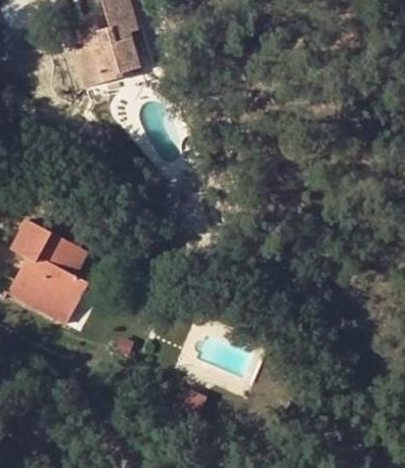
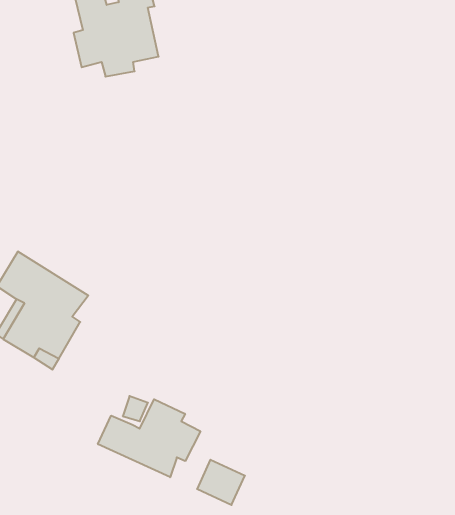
building: none -> [98,399,200,477]

